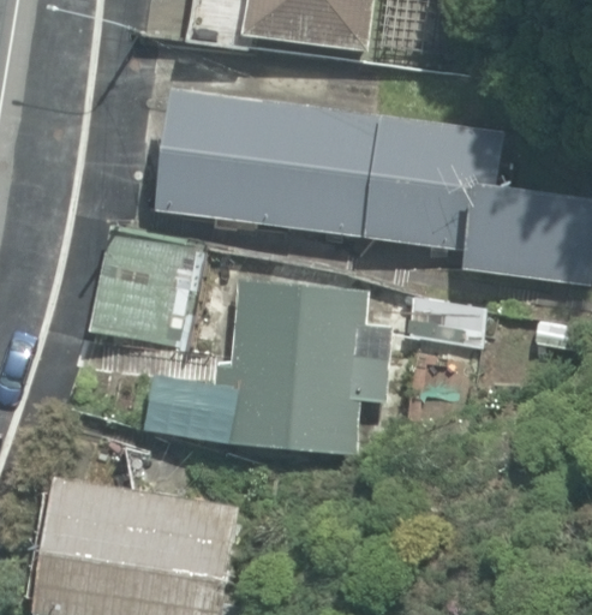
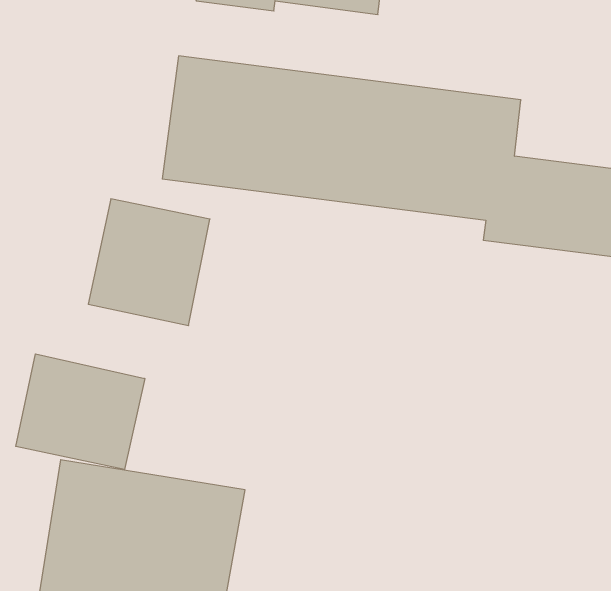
building: [219,276,381,455] -> none
building: none -> [16,354,145,469]

